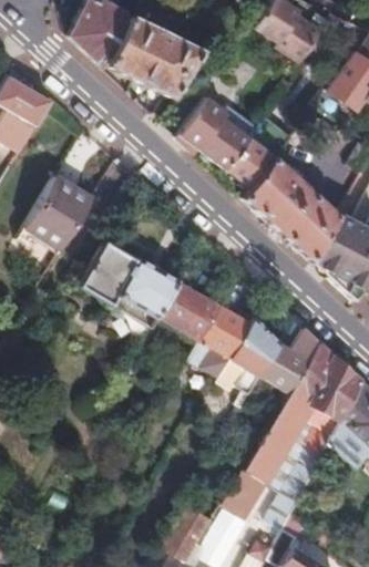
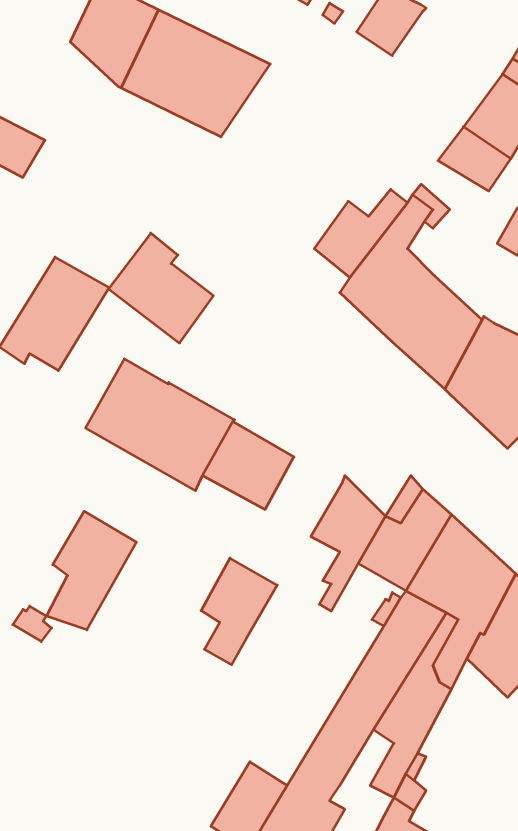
building: [280,14,325,63] -> none
building: [184,97,253,169] -> [108,233,213,343]
building: [198,306,248,375] -> [201,558,277,665]
building: none -> [47,511,136,630]

